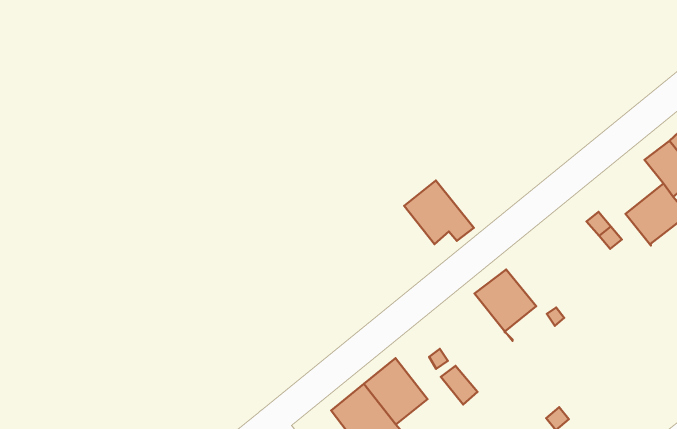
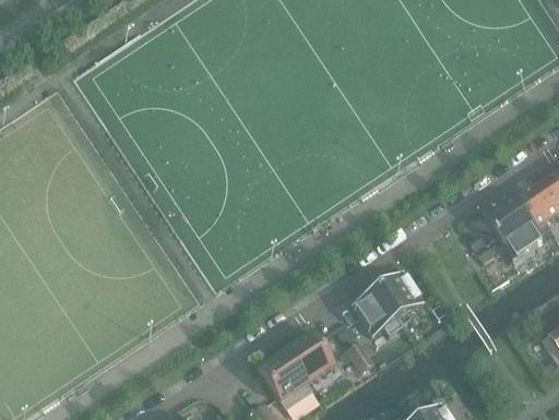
building: none -> [483,188,533,236]
building: [404,181,474,244] -> [353,287,405,336]

